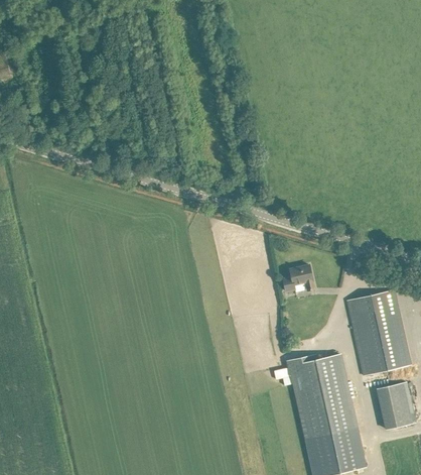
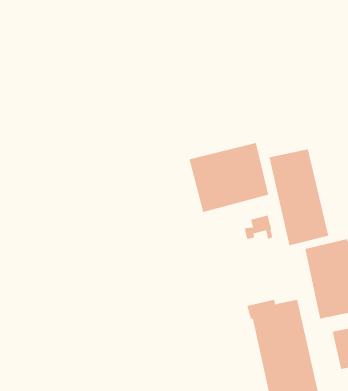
building: none -> [189,142,269,213]
building: none -> [269,148,329,246]

